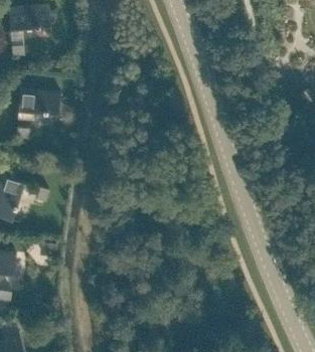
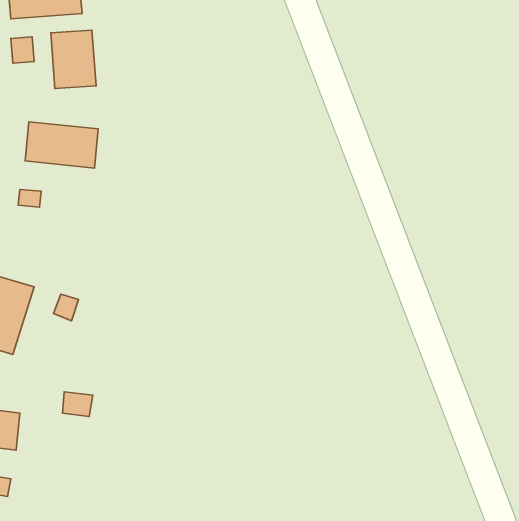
building: none -> [51,30,96,89]

